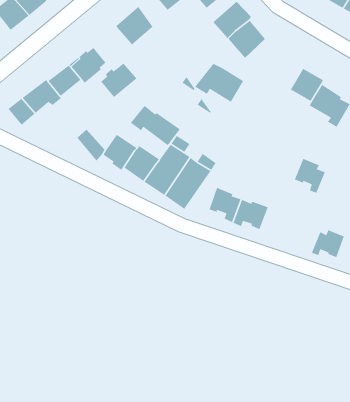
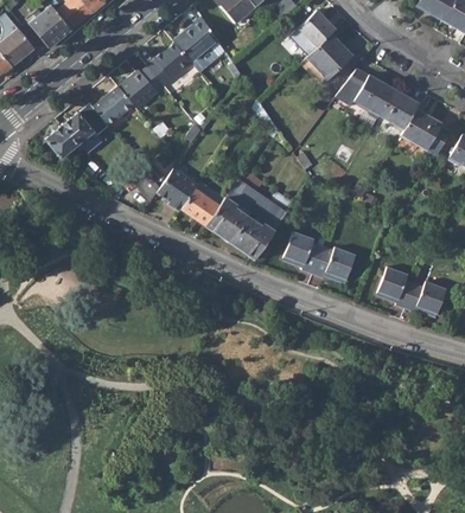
building: [100,62,137,97] -> [147,43,191,84]
building: [194,63,244,103] -> [336,69,395,116]
building: [130,105,181,146] -> none
building: [294,158,326,194] -> [377,267,415,309]

